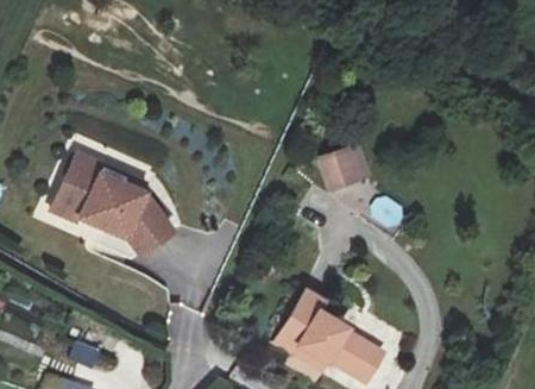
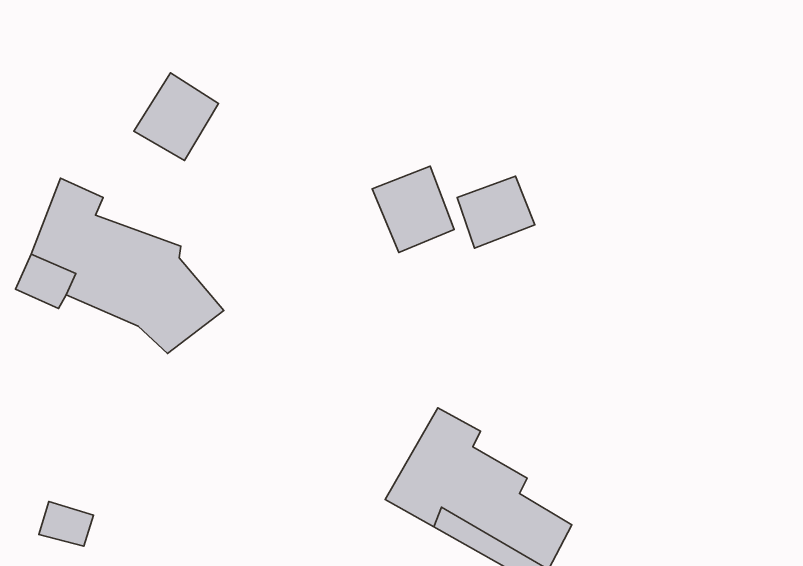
building: none -> [134,73,219,160]
building: none -> [372,166,454,252]

